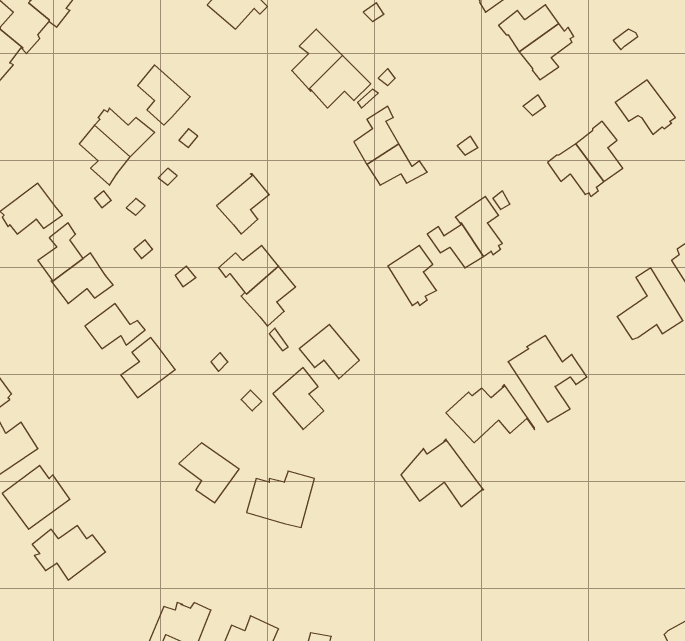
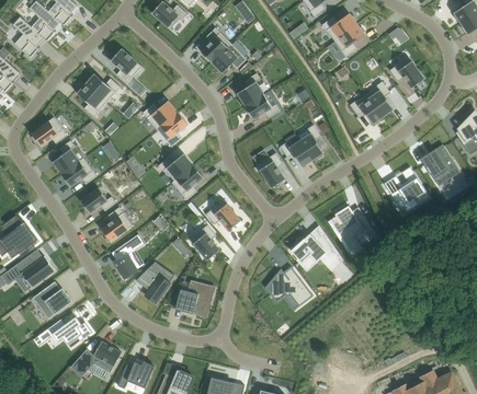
building: none -> [143,101,178,130]
building: none -> [111,234,144,279]
building: none -> [69,341,121,378]

